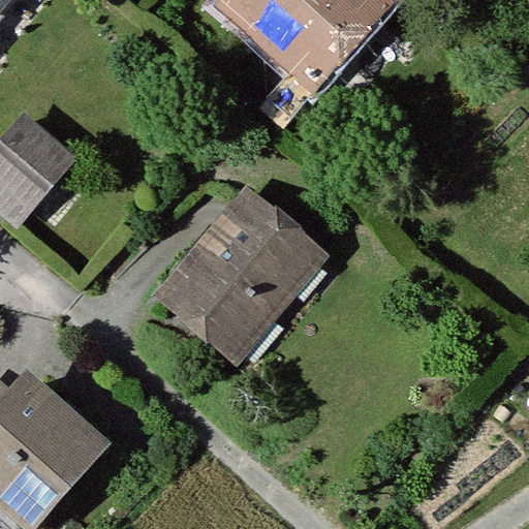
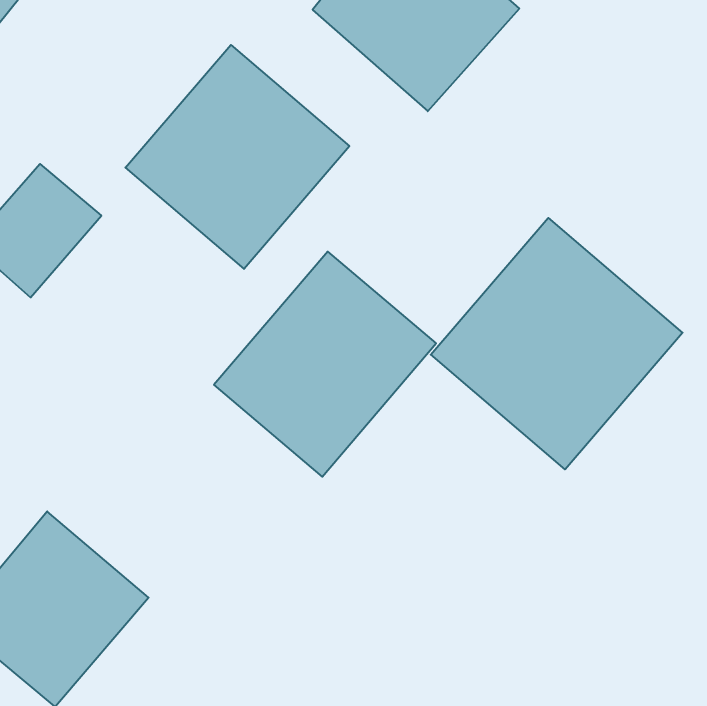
building: none -> [125,45,349,269]
building: none -> [431,218,683,469]

